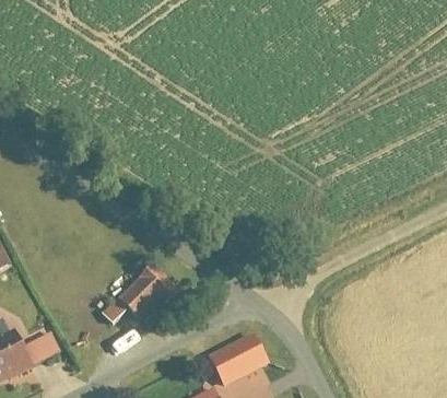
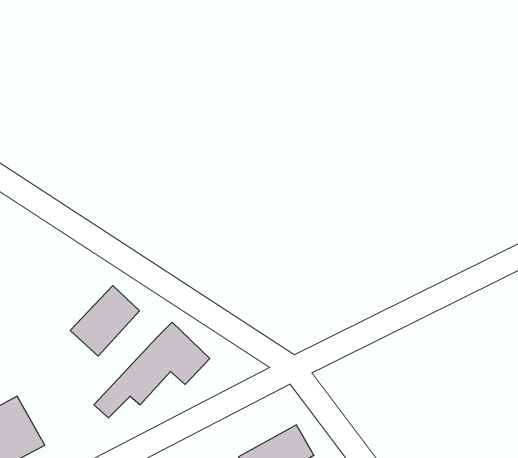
building: none -> [70,286,139,356]

